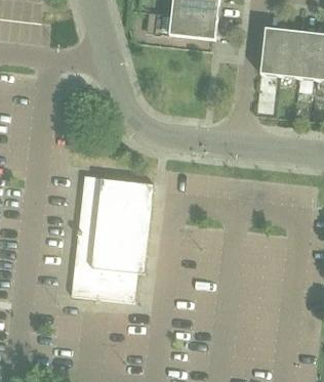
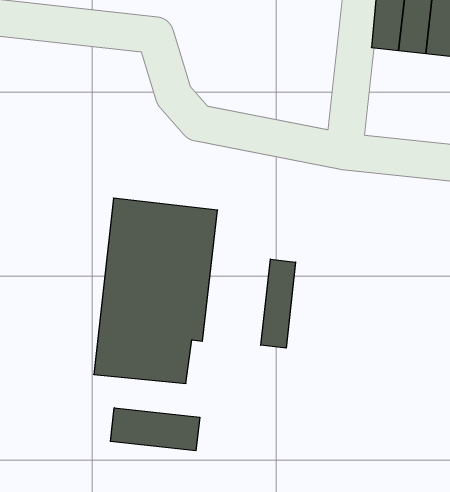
building: none -> [261,259,296,348]
building: none -> [110,408,200,451]

